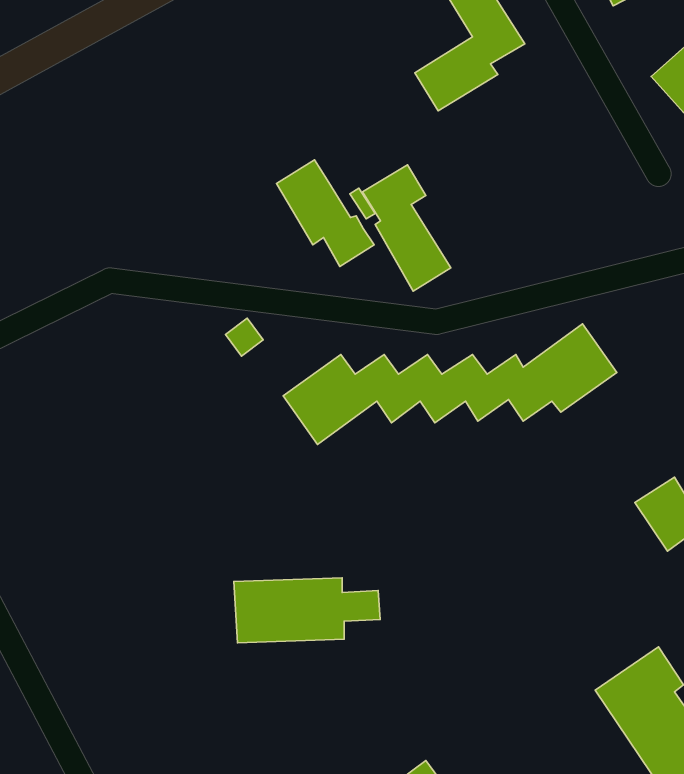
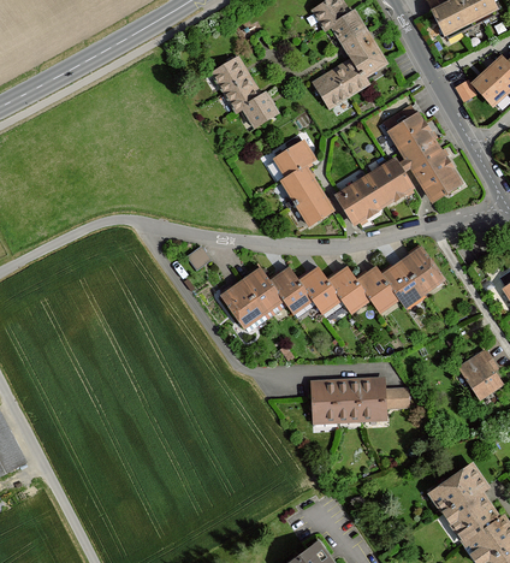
building: none -> [337,106,459,220]
building: [277,160,374,266] -> [209,55,274,126]
building: [234,578,380,643] -> [310,379,408,422]

